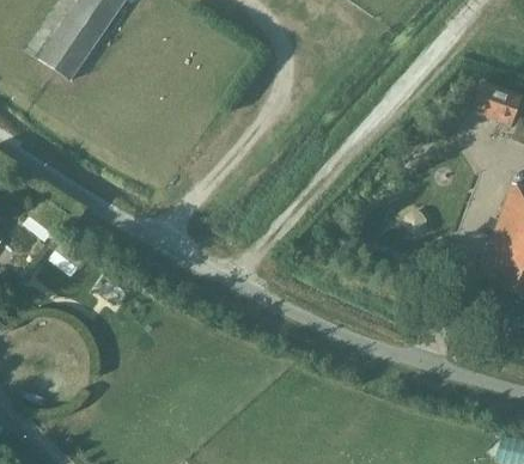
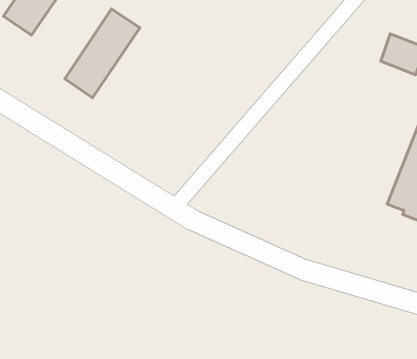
building: none -> [65,9,140,98]

